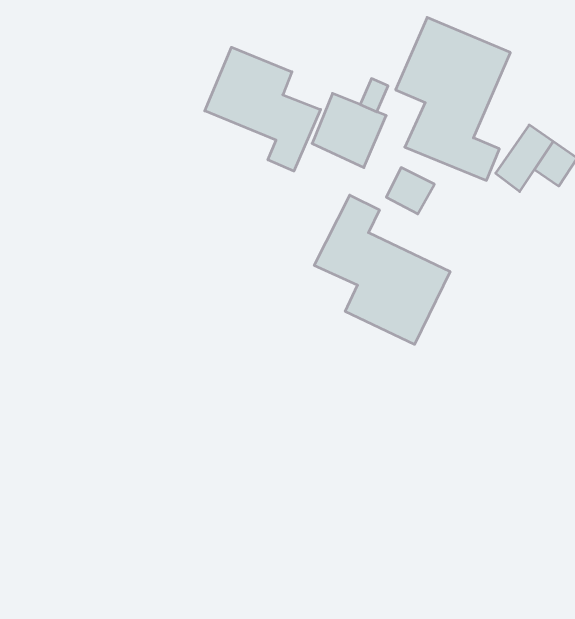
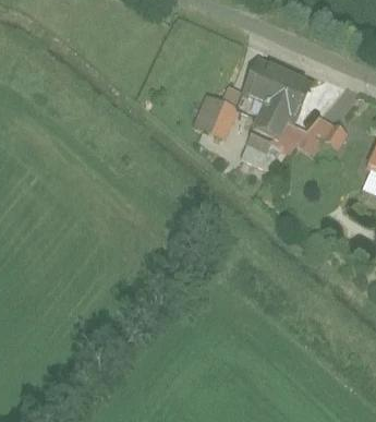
building: [205,47,321,171] -> none
building: [314,195,450,344] -> none

